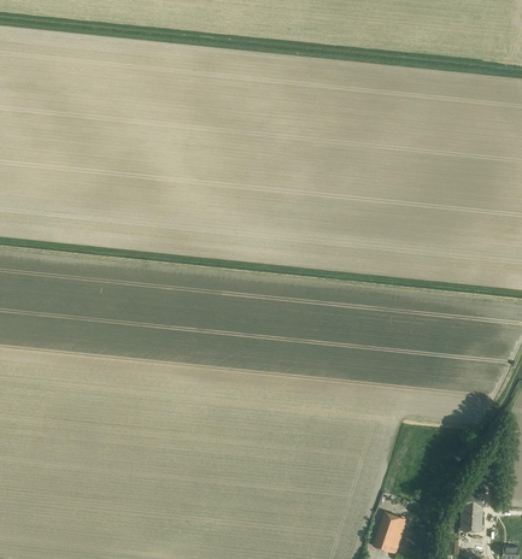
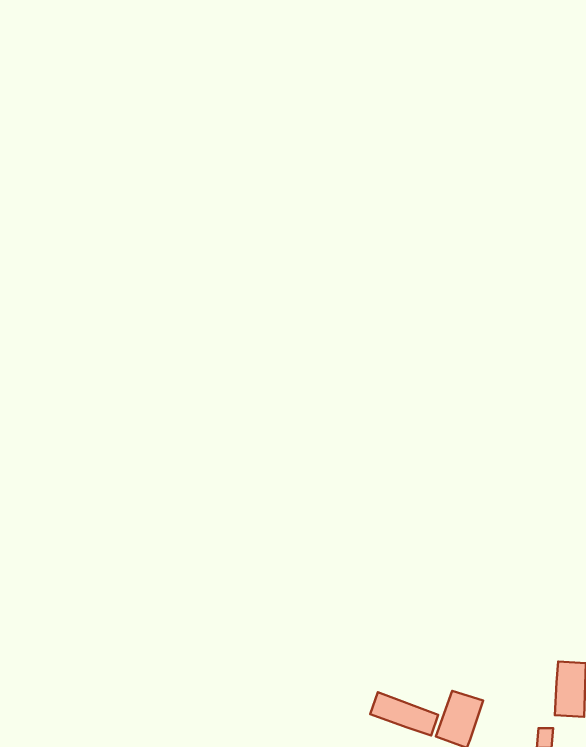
building: none -> [370,692,438,736]

